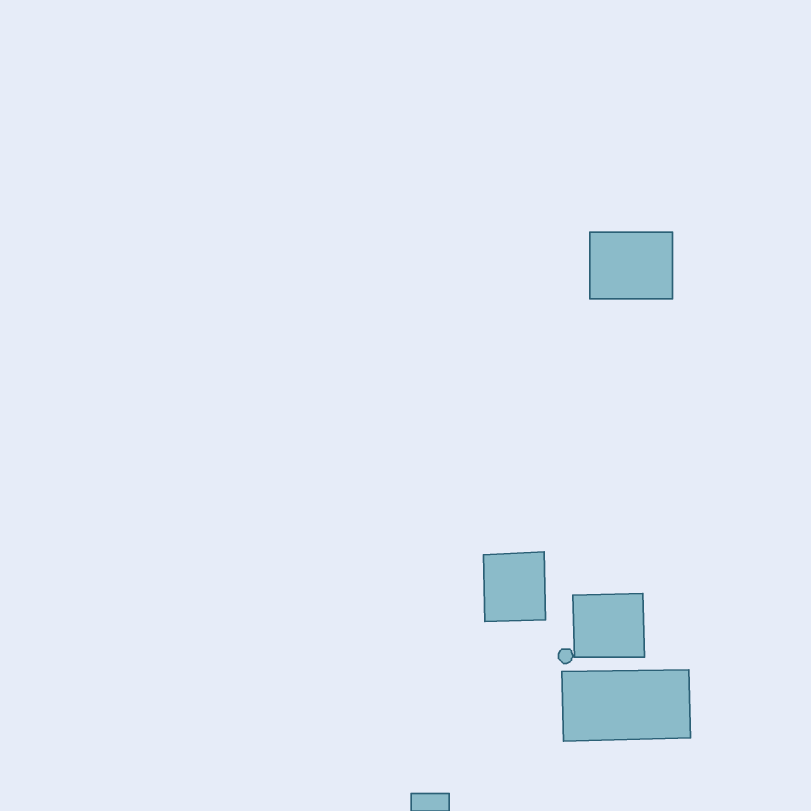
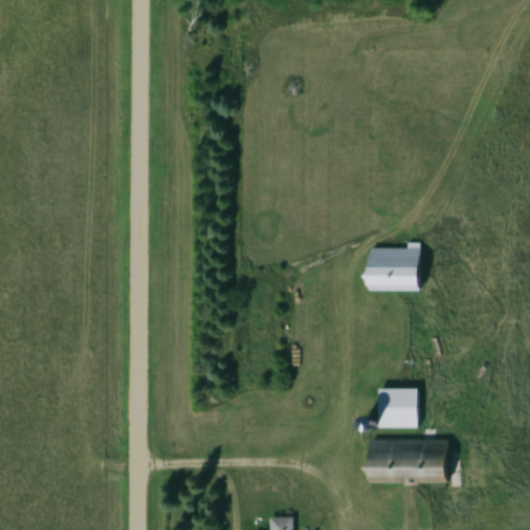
building: [590,232,672,299] -> [365,247,419,291]
building: [483,552,546,621] -> none

